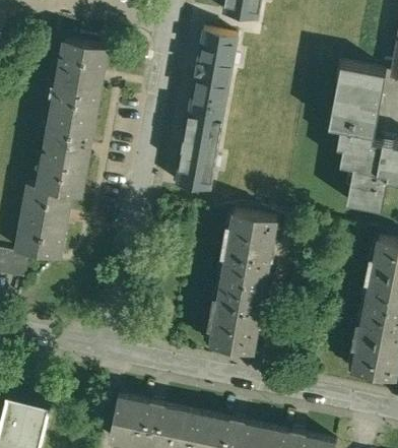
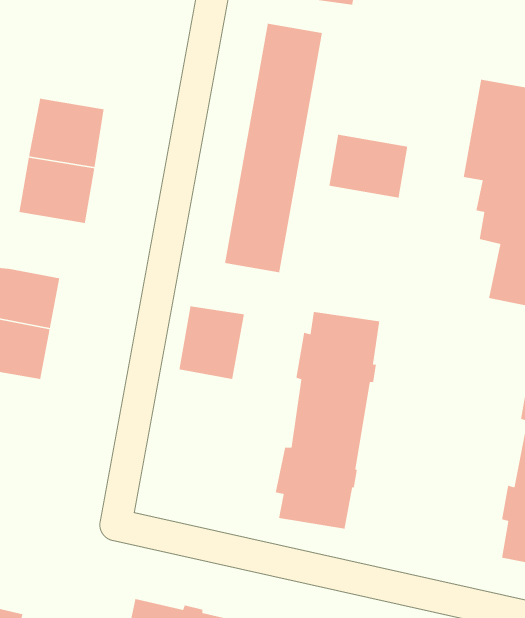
building: [58,40,107,83] -> none
building: none -> [328,134,408,199]
building: [39,149,87,193] -> none
building: none -> [179,305,245,380]

